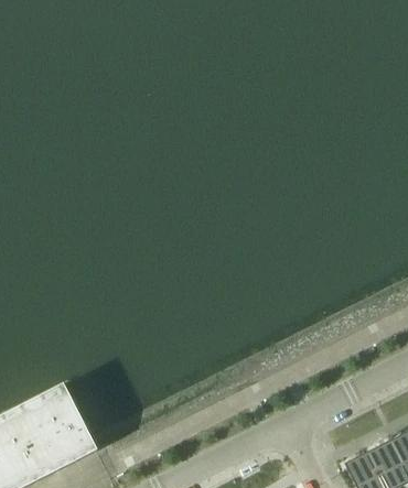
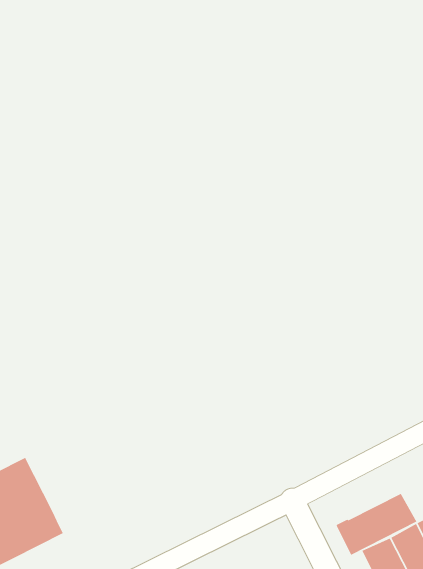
building: none -> [336,493,418,556]

